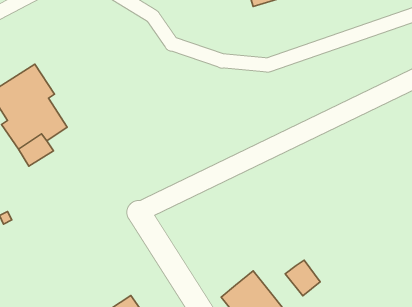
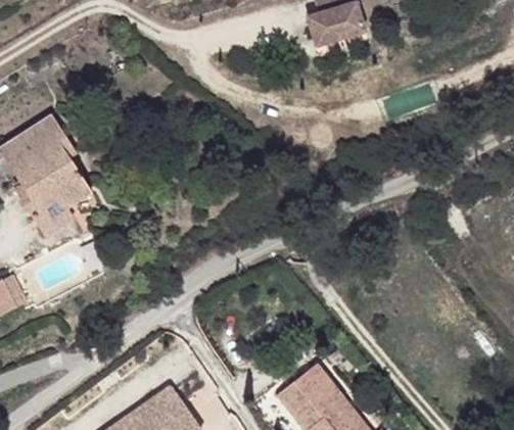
building: [285,260,320,296] -> none

